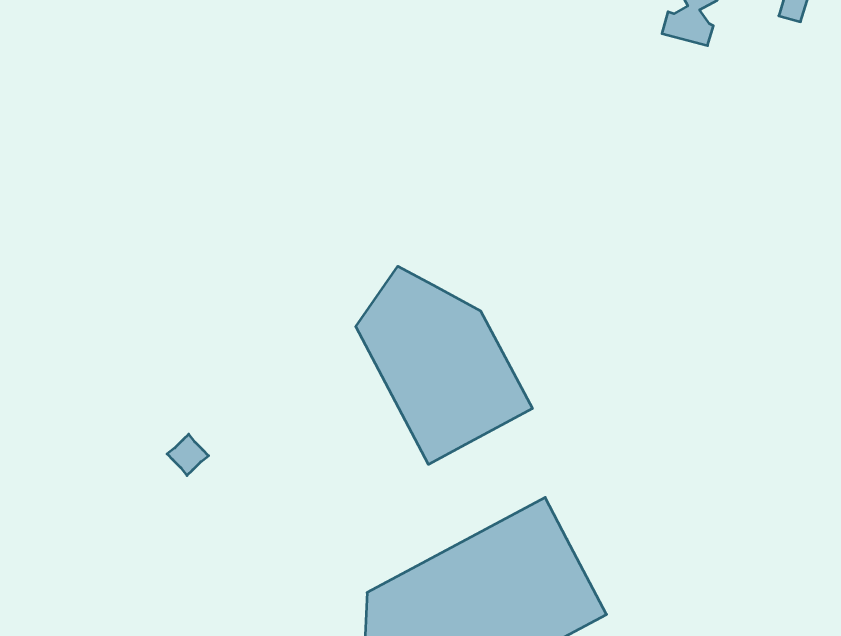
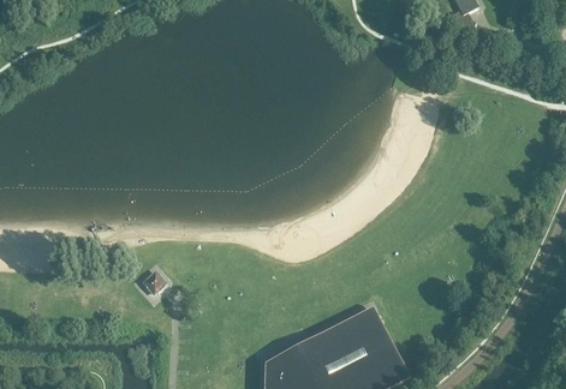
building: [356,266,532,464] -> none

